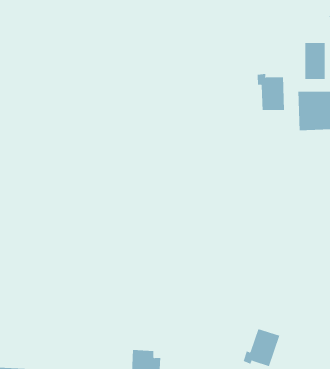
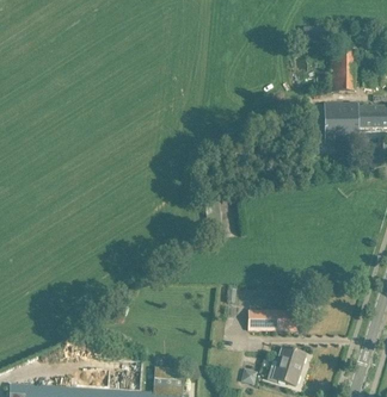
building: [257,73,285,111] -> none
building: none -> [248,309,296,329]

